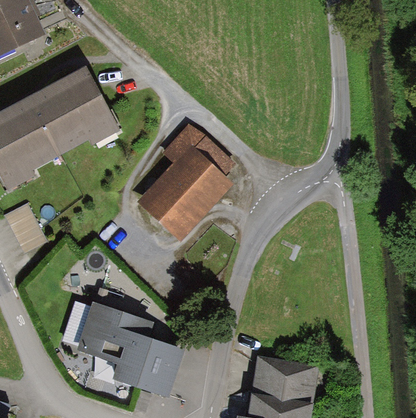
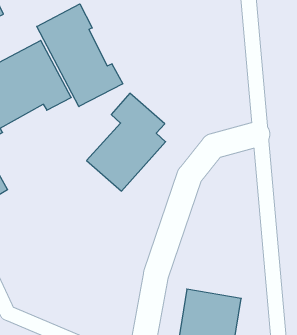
building: none -> [37,4,123,107]
building: [74,300,184,398] -> none

